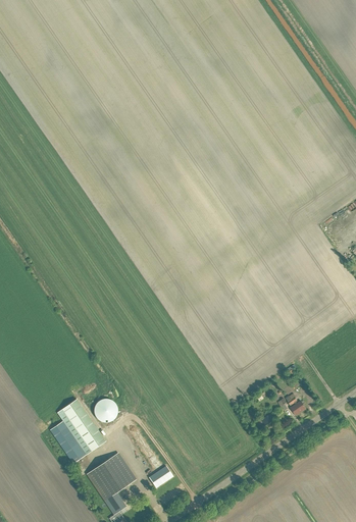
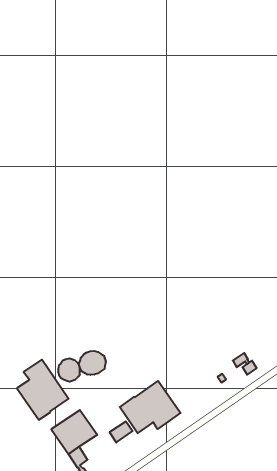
building: none -> [79,351,106,375]
building: none -> [120,381,181,433]

